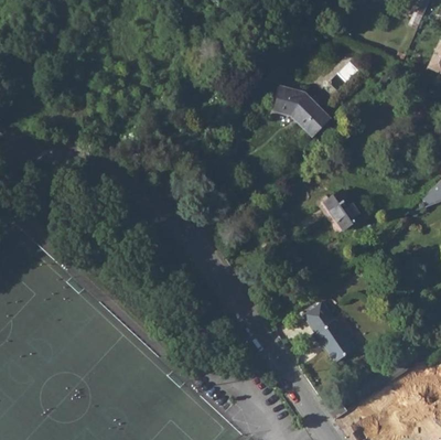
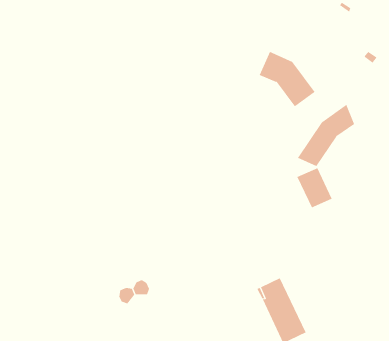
building: none -> [297,104,355,167]

